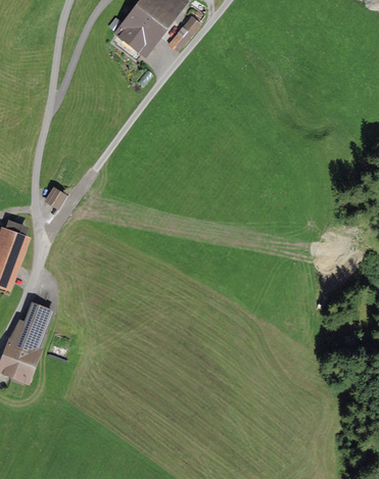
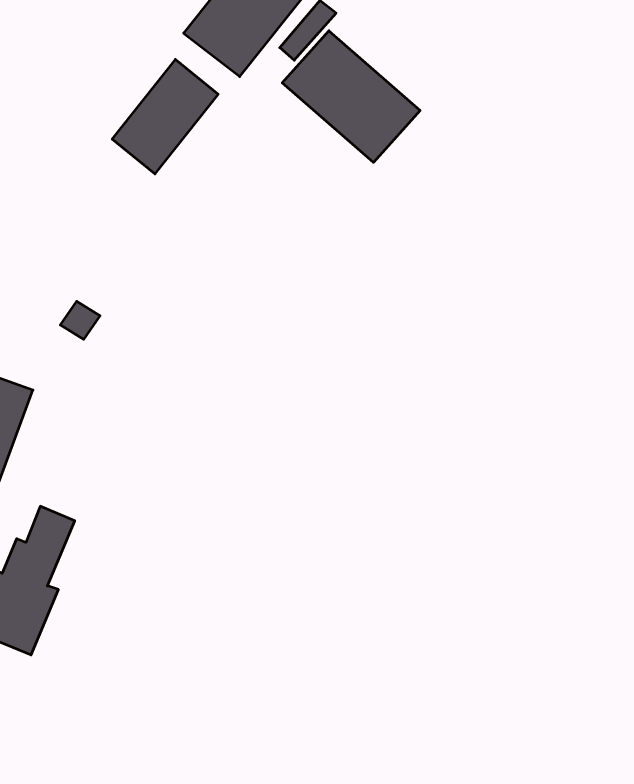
building: none -> [282,31,420,162]
building: none -> [112,59,218,174]

